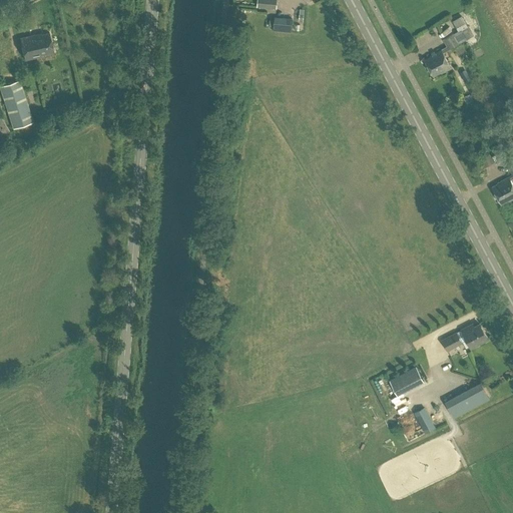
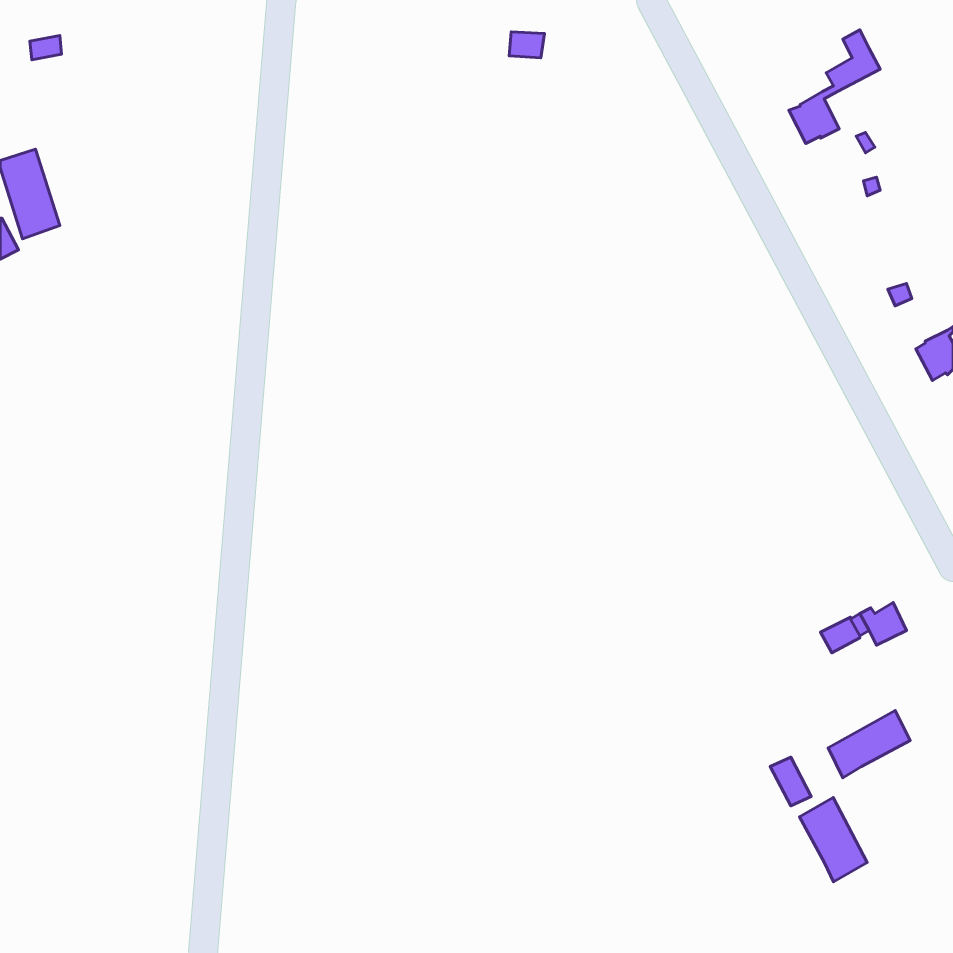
building: [19,33,53,60] -> none
building: [390,369,424,396] -> none
building: none -> [799,798,867,882]

